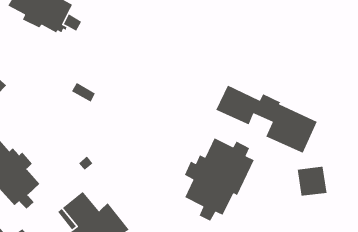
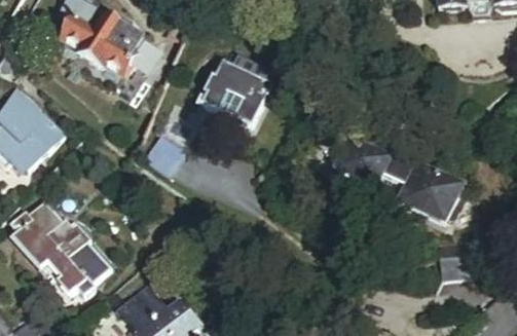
building: none -> [195,63,263,128]
building: [184,137,255,222] -> none

